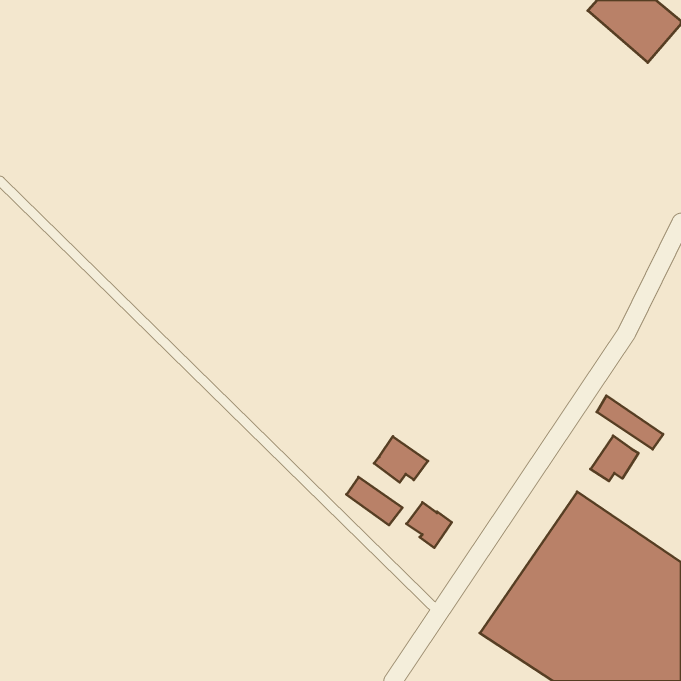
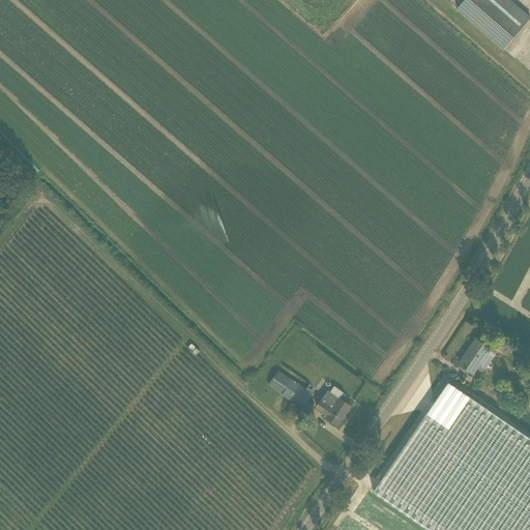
building: [597,396,663,449] -> none
building: [374,436,428,482] -> none

